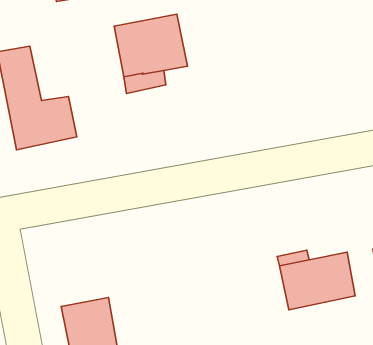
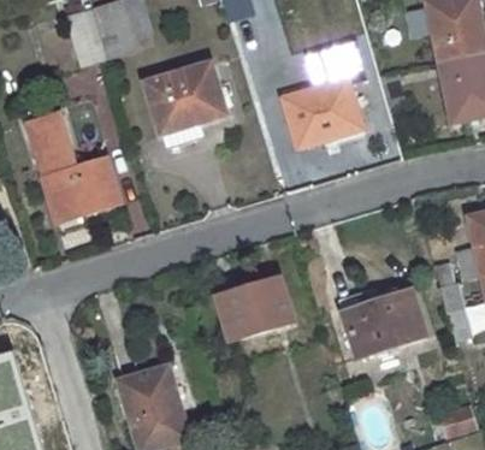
building: none -> [280,72,361,149]
building: none -> [219,280,292,339]

